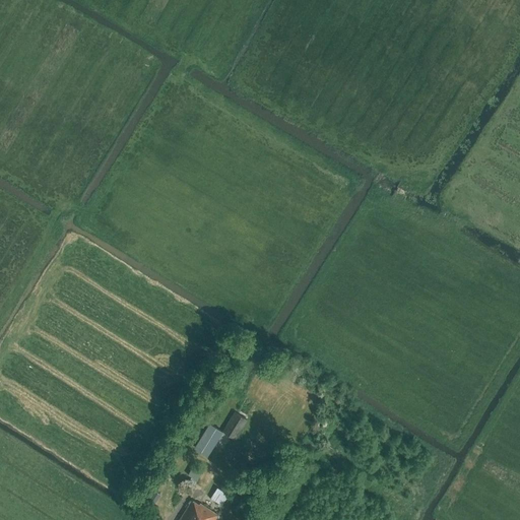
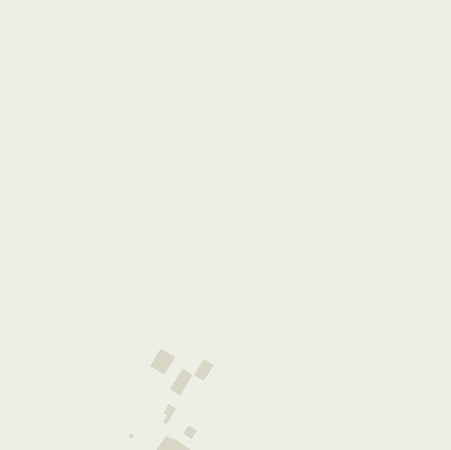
building: none -> [149,348,176,376]

